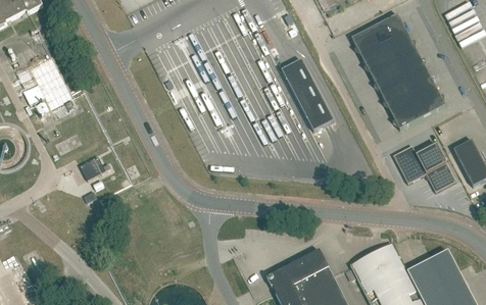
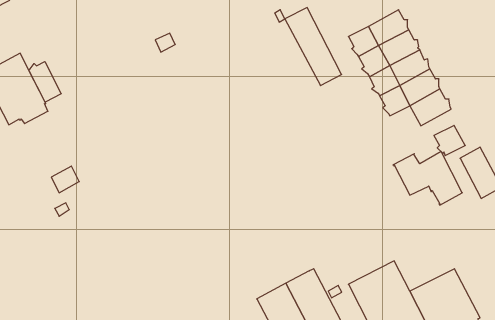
building: [280,58,332,130] -> [285,8,342,86]
building: none -> [29,62,61,102]
building: [388,100,417,128] -> [434,125,465,156]

